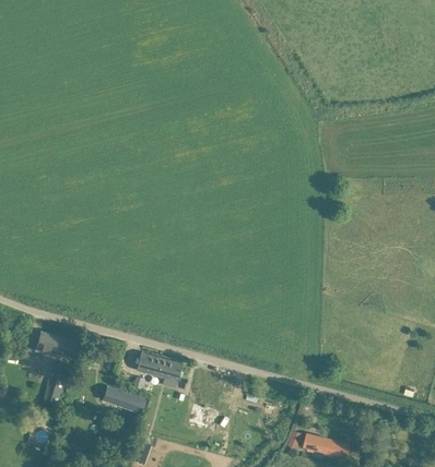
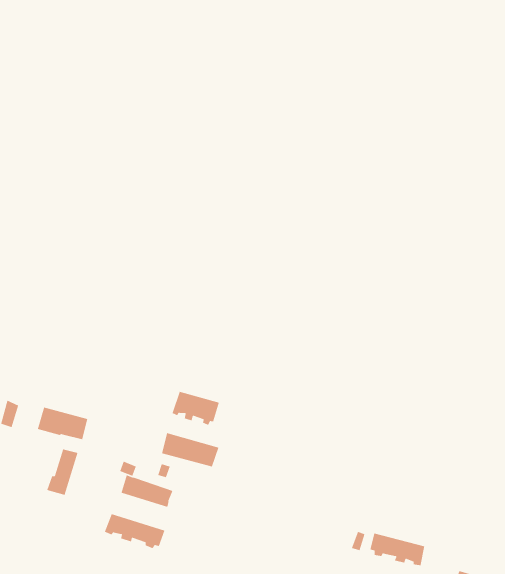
building: none -> [172,391,220,426]
building: none -> [104,513,165,549]

